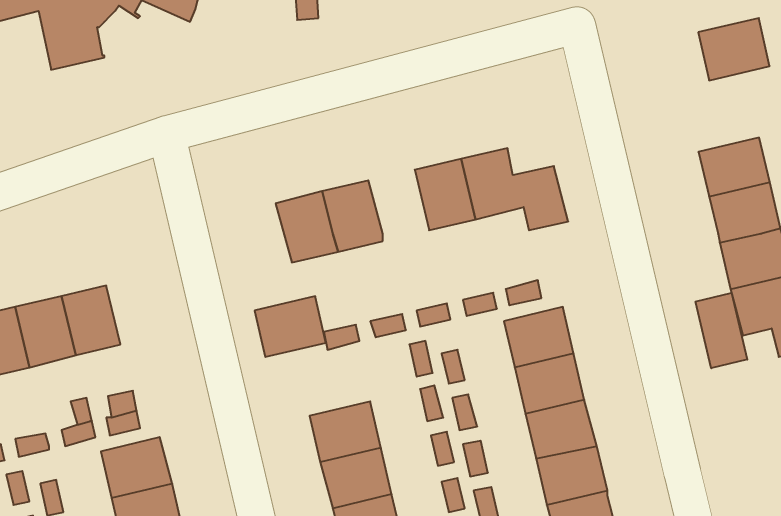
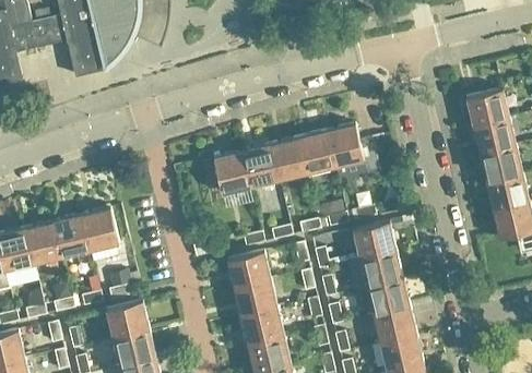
building: [698,18,770,80] -> [465,87,509,125]
building: none -> [270,136,307,180]
building: [696,293,747,368] -> none
building: [255,296,326,357] -> [227,250,271,287]

